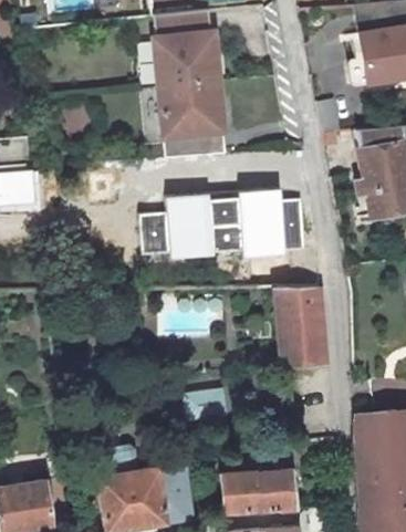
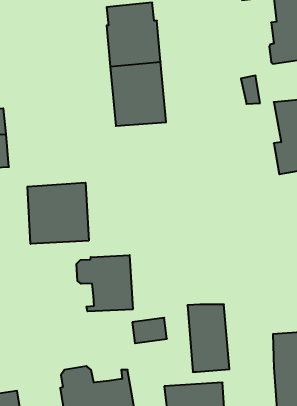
building: [140,189,303,260] -> none
building: none -> [27,183,89,244]
building: [277,288,327,369] -> [187,304,229,372]
building: none -> [77,255,133,311]

